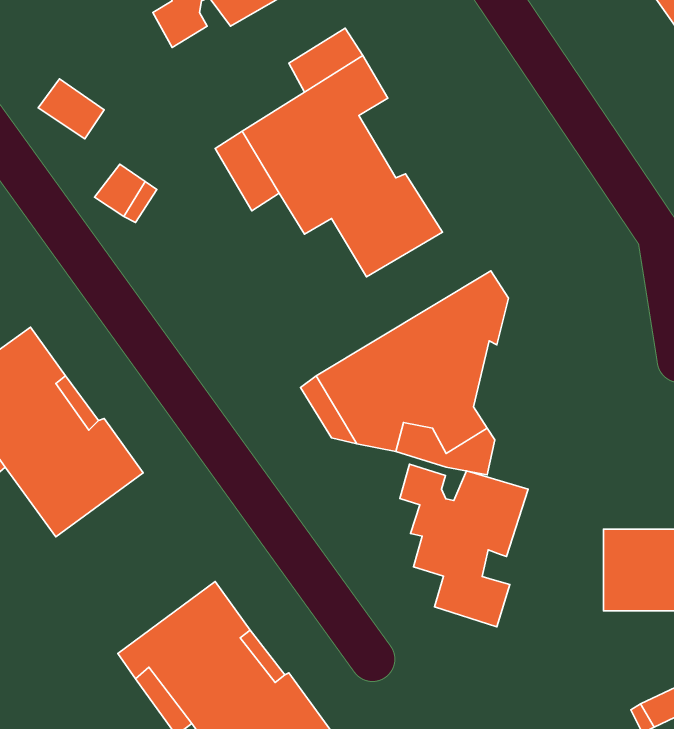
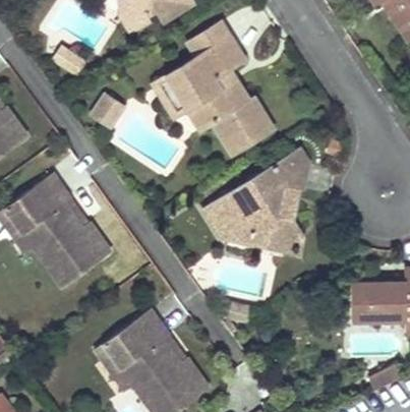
building: [400,464,528,627] -> none

